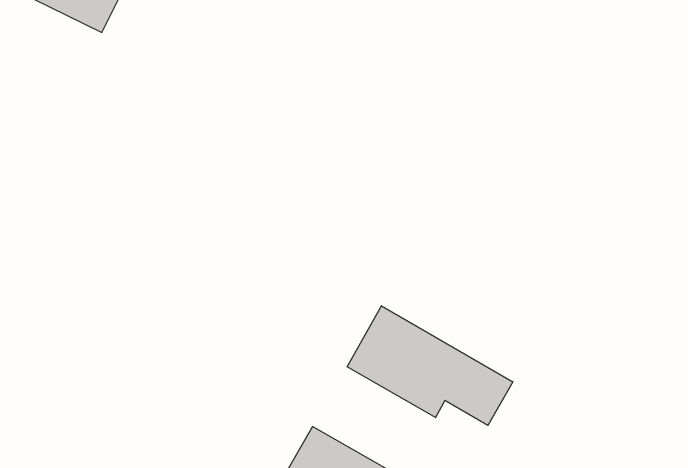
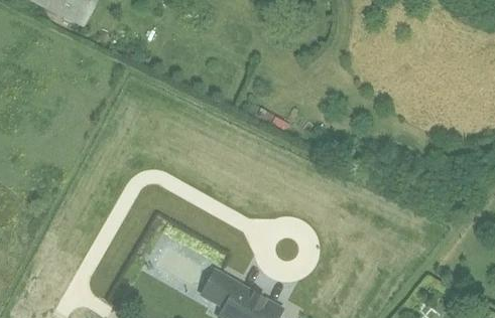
building: [347,306,513,425] -> none

